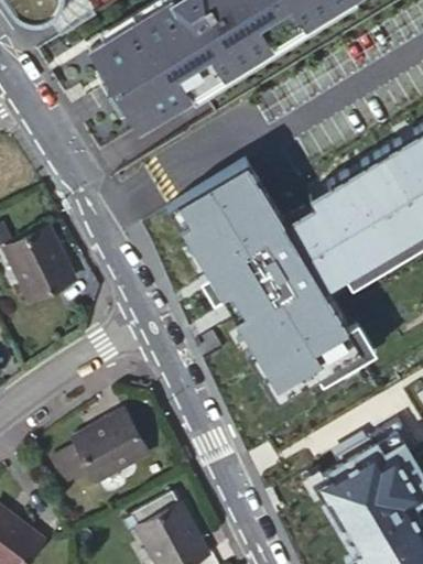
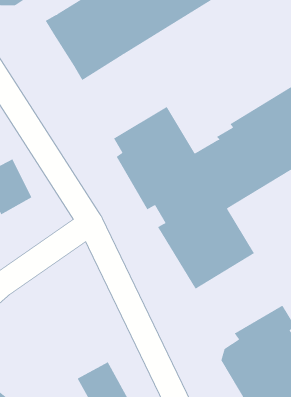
building: [53,414,148,485] -> none

